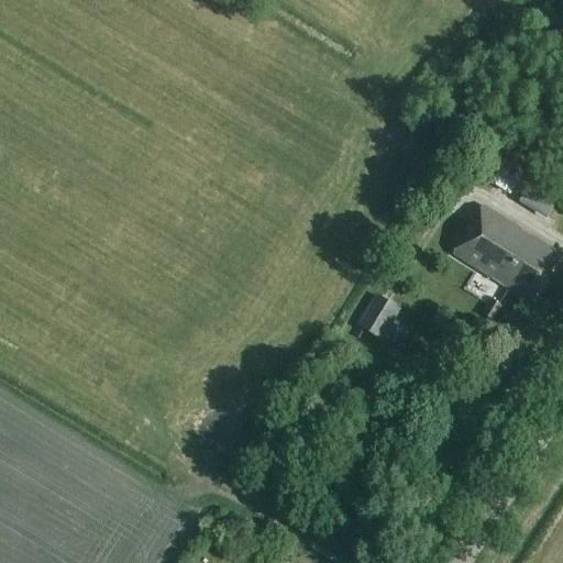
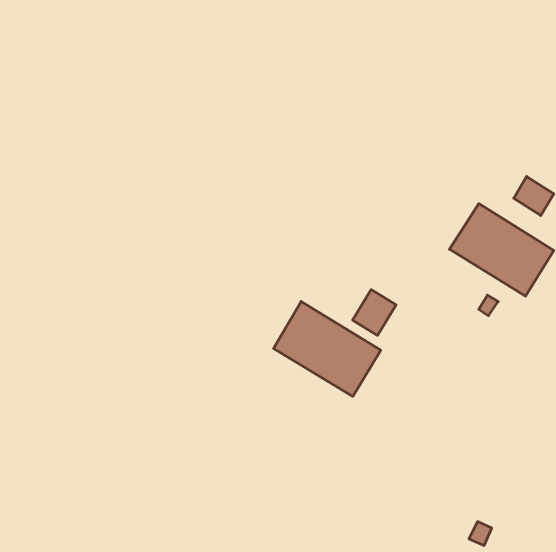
building: none -> [274,301,381,396]

